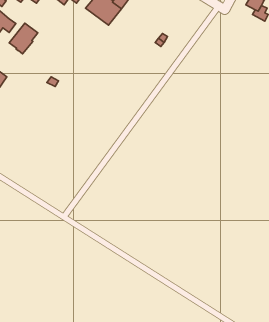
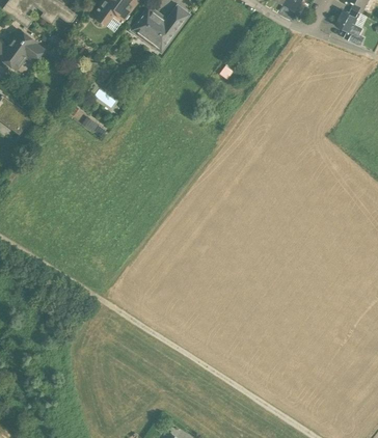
building: [9,23,38,54] -> none

